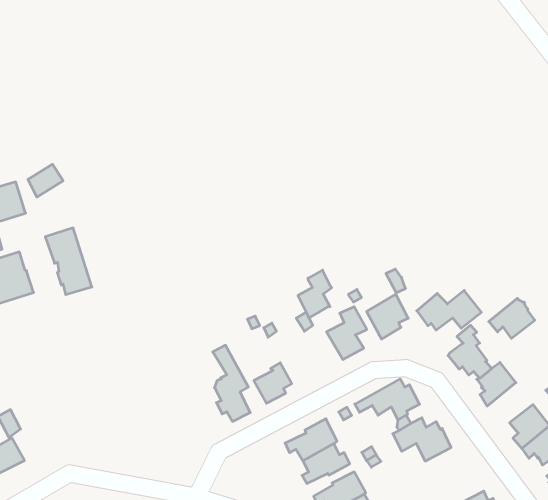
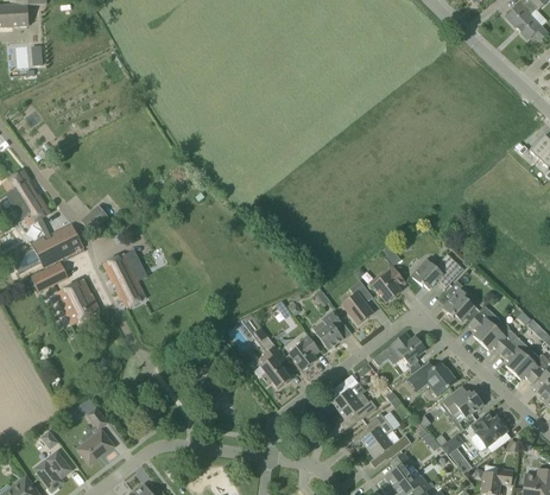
building: [298,270,332,318] -> [316,310,343,350]
building: [489,298,535,338] -> [480,321,517,354]
building: none -> [441,385,483,418]

